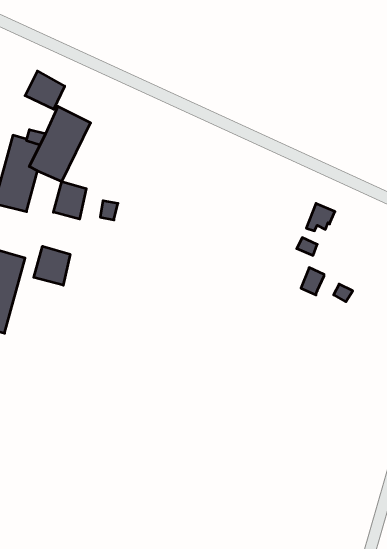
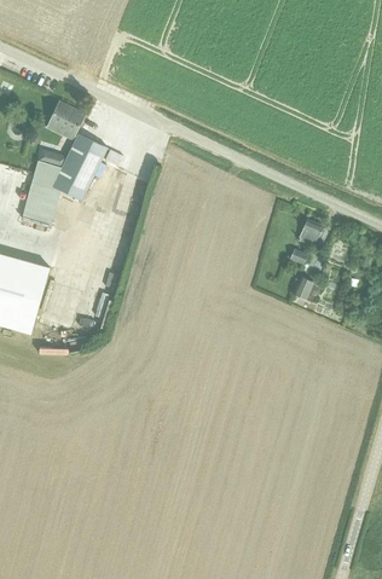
building: [53,182,86,219] -> none
building: [34,246,70,285] -> none

